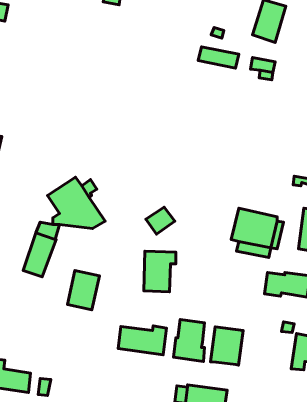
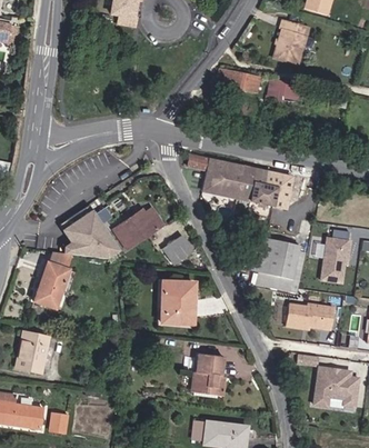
building: none -> [188,155,292,208]
building: none -> [113,208,162,248]
building: [67,270,99,310] -> [16,331,49,372]
building: [118,326,167,355] -> none
building: [211,327,243,365] -> none

